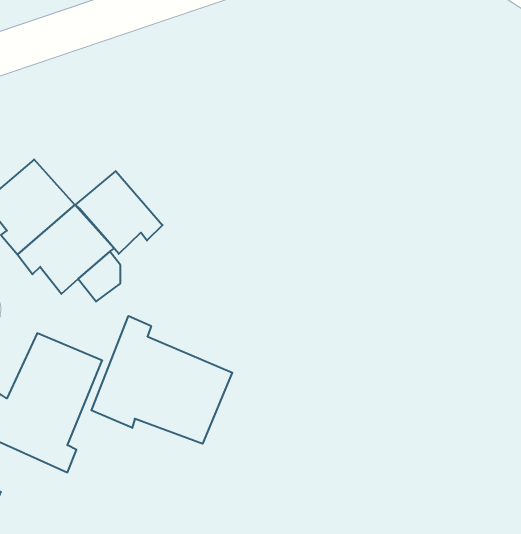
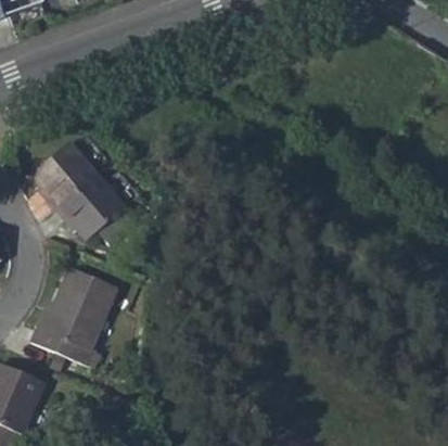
building: [76,171,163,254] -> none
building: [91,316,232,444] -> none

